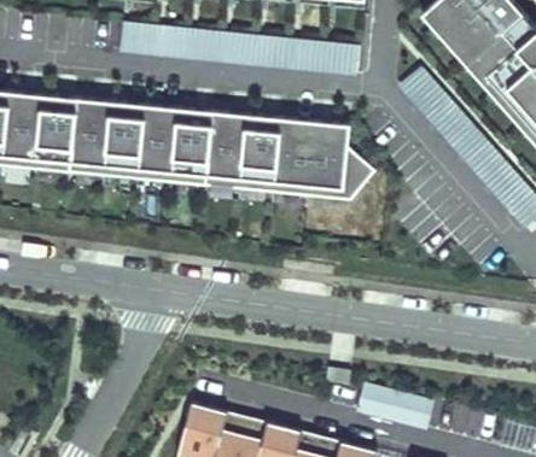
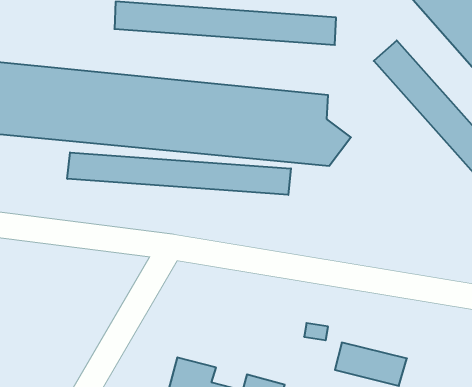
building: none -> [67,152,291,195]

